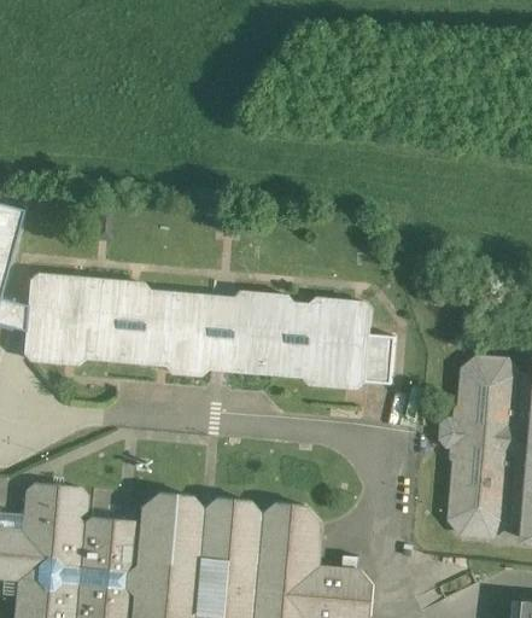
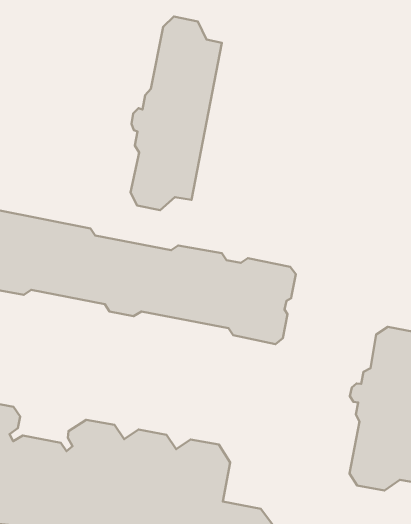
building: none -> [131,16,222,210]
building: [362,336,394,385] -> none

